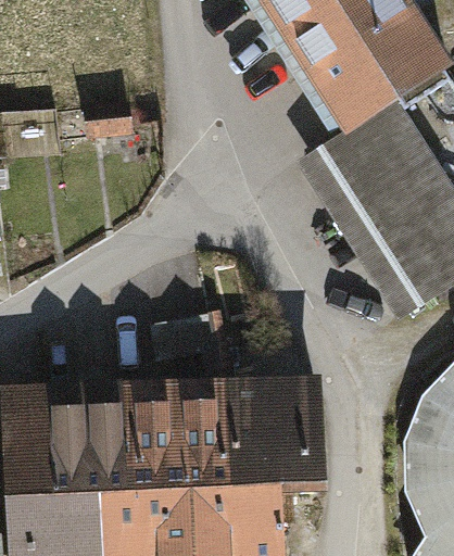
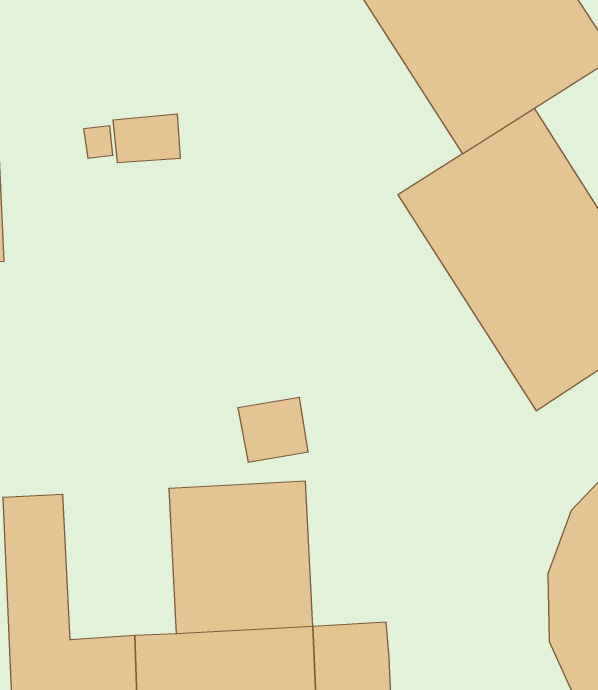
building: [228,368,328,480] -> none
building: [49,378,133,490] -> none

